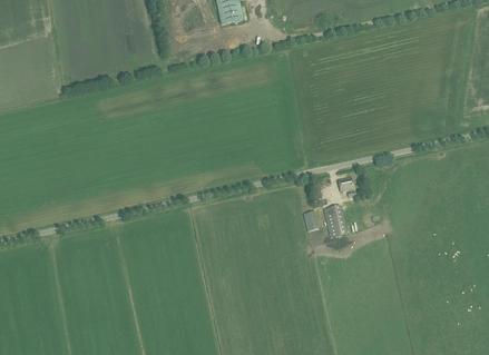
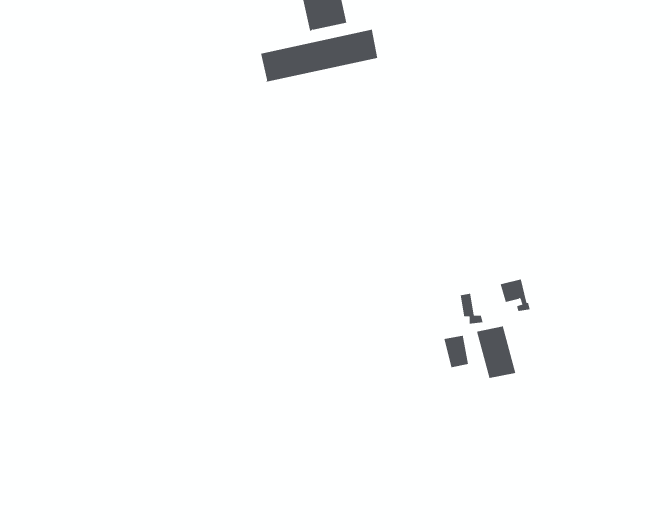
building: none -> [260,29,378,83]

